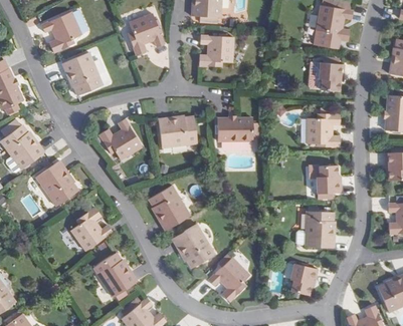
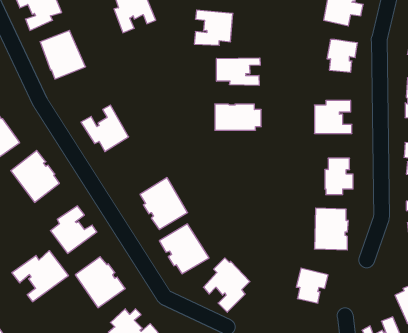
building: none -> [217,58,260,85]
building: [158,115,197,147] -> none
building: none -> [12,251,68,302]

